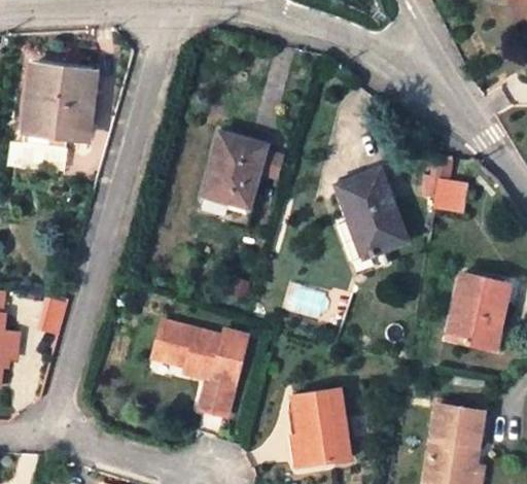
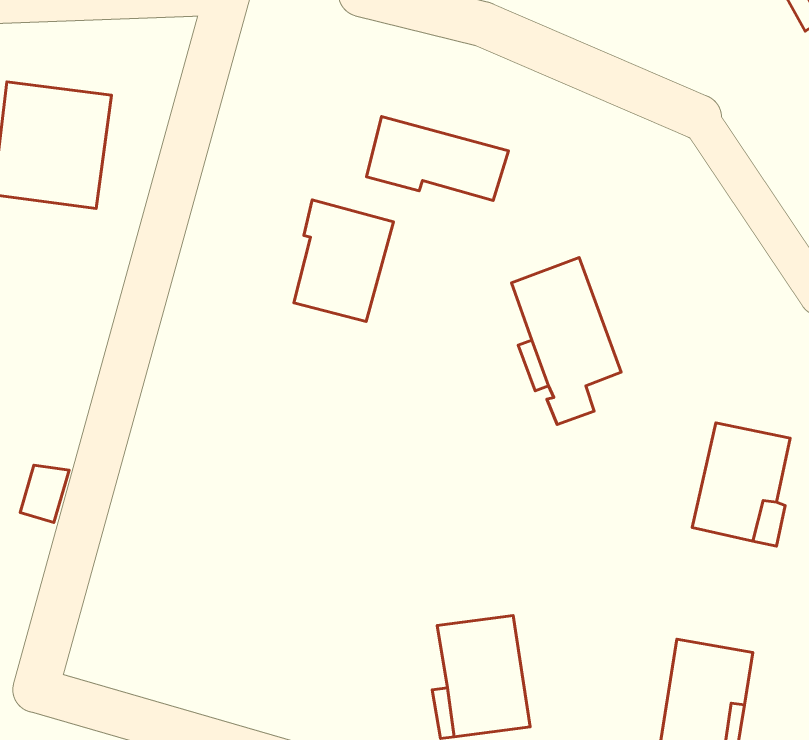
building: none -> [367,116,509,201]
building: [431,179,465,214] -> none
building: [155,323,253,416] -> none

